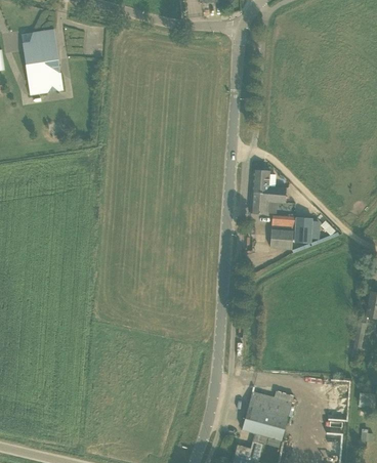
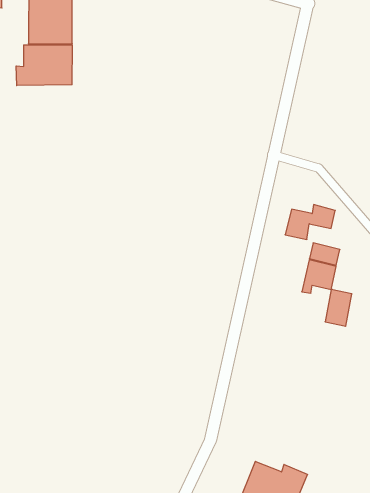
building: none -> [16,45,72,86]
building: [252,168,269,193] -> none
building: [295,215,312,242] -> [325,290,352,326]

